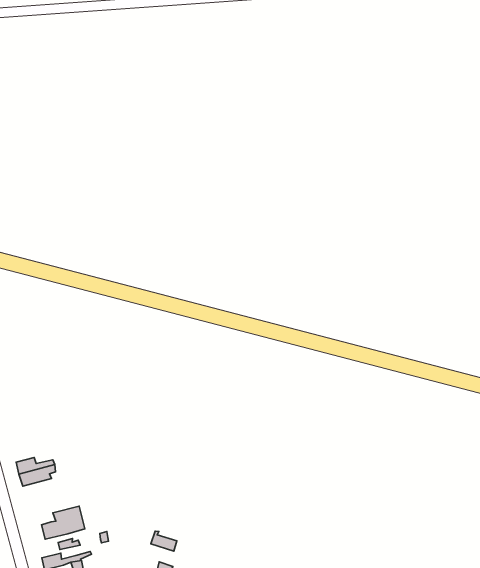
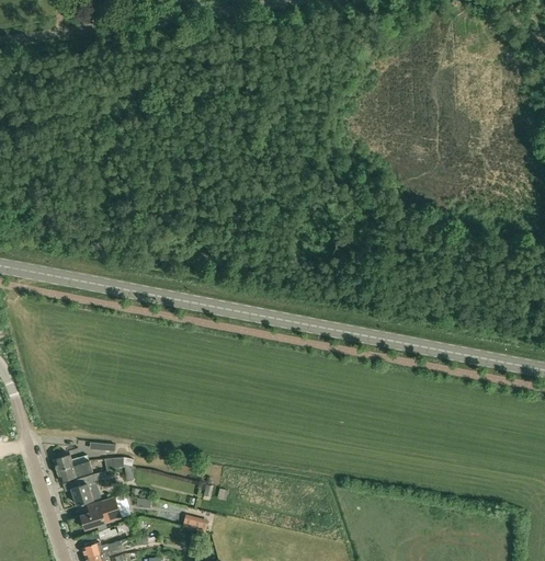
building: none -> [71,474,100,505]

